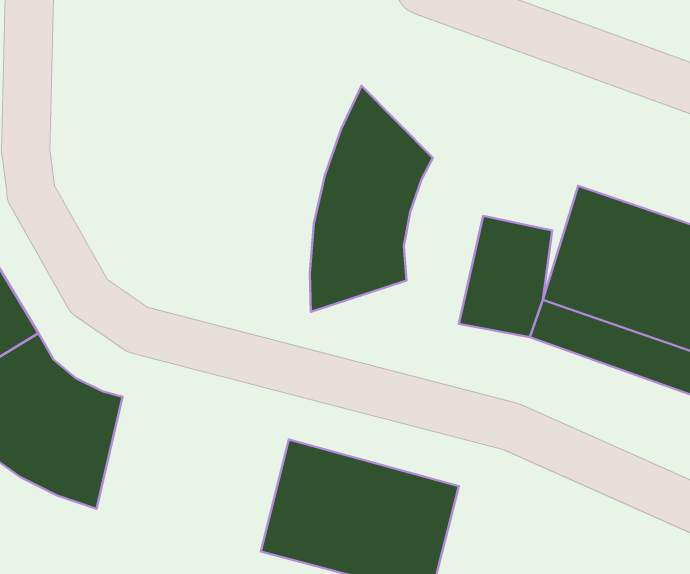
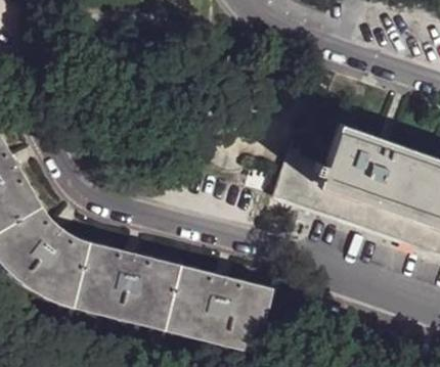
building: [310,86,433,312] -> none
building: none -> [75,242,180,327]

